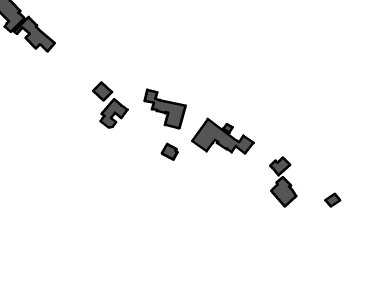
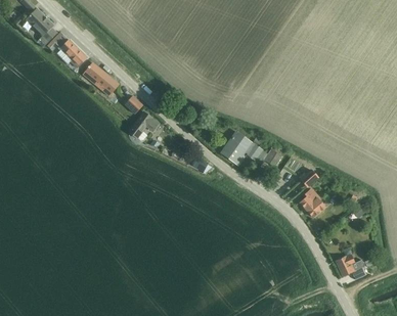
building: none -> [83,62,118,95]
building: [145,90,186,128] -> none
building: none -> [336,254,365,278]

